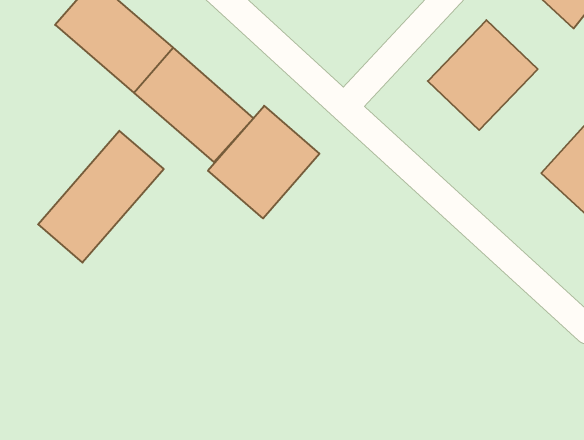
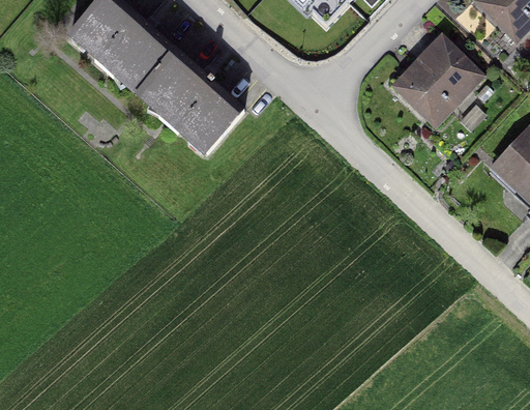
building: [208,106,319,218] -> none
building: [38,131,164,263] -> none

